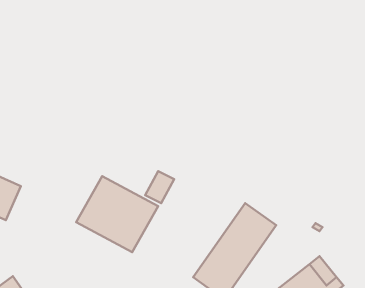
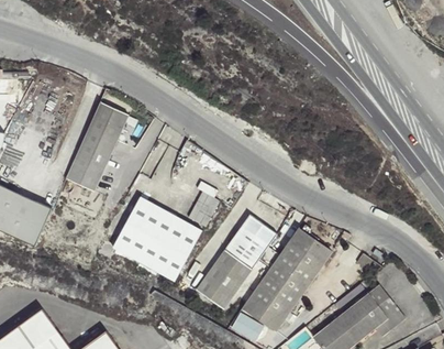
building: none -> [66,102,129,190]
building: none -> [196,215,277,309]

